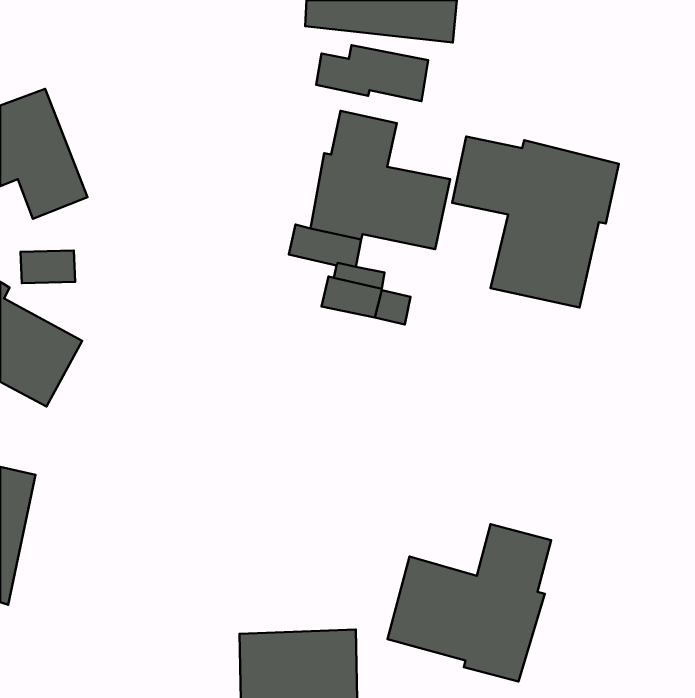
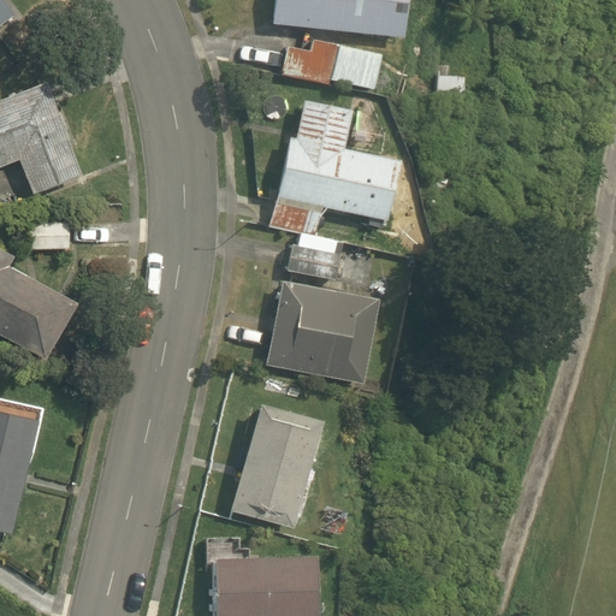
building: [452,136,619,307] -> none
building: none -> [266,280,379,384]
building: none -> [230,402,322,528]
building: [388,524,551,682] -> none

